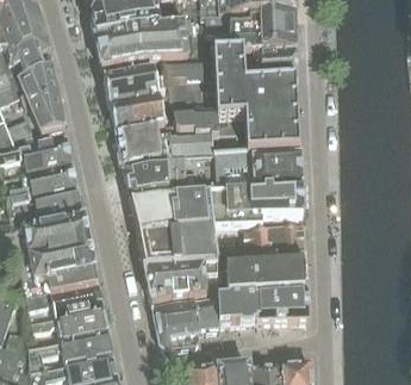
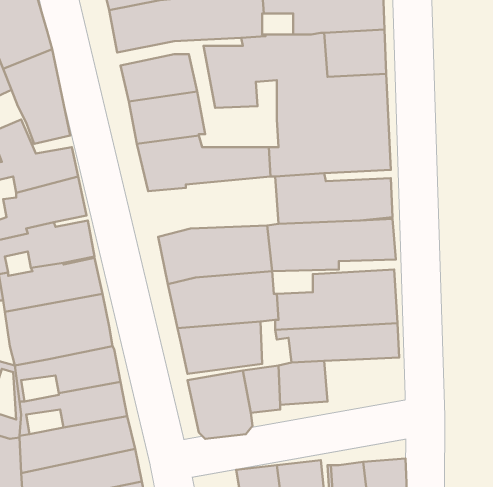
building: [173,112,218,133] -> none
building: [123,155,218,199] -> none
building: [251,287,307,319] -> none

